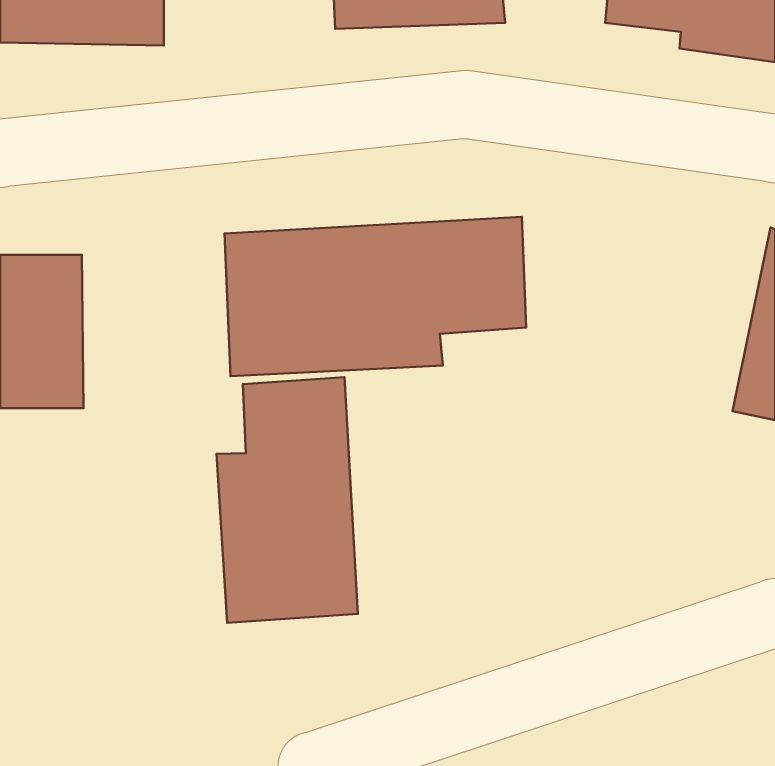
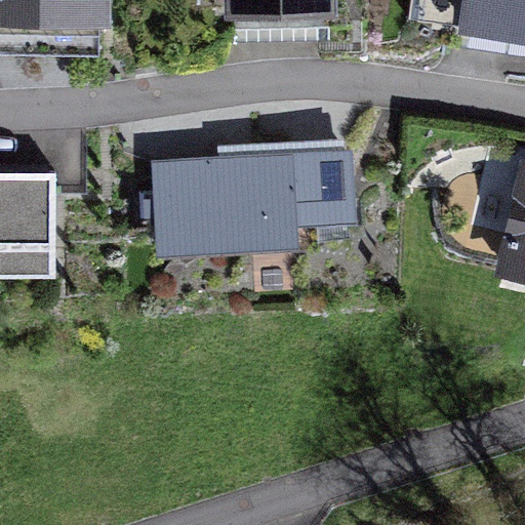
building: [216,377,358,623] -> none

